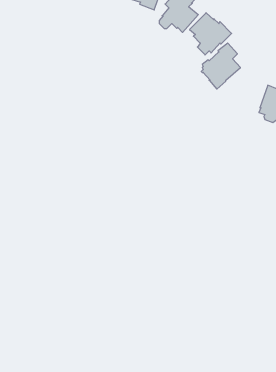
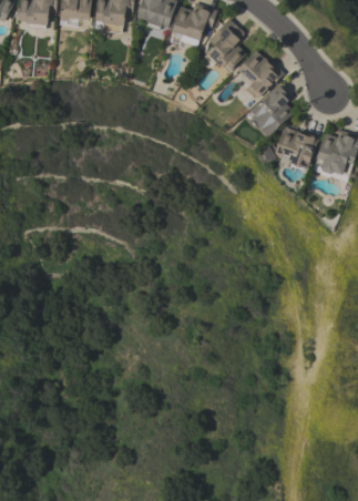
building: none -> [274,126,318,171]

